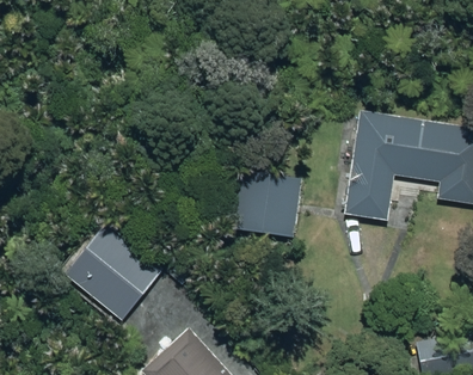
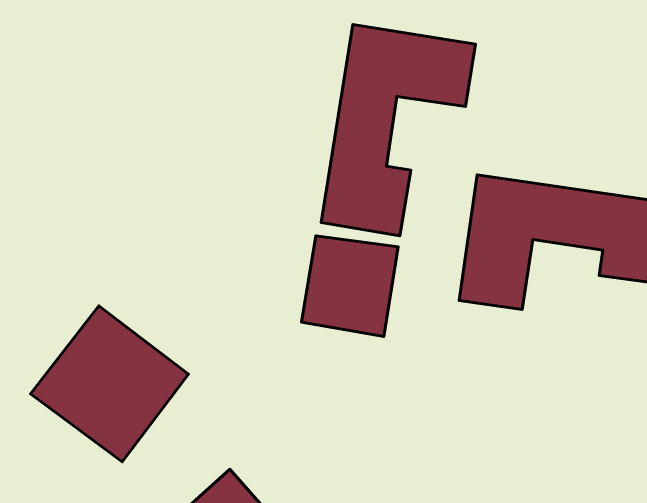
building: none -> [321,25,475,236]

